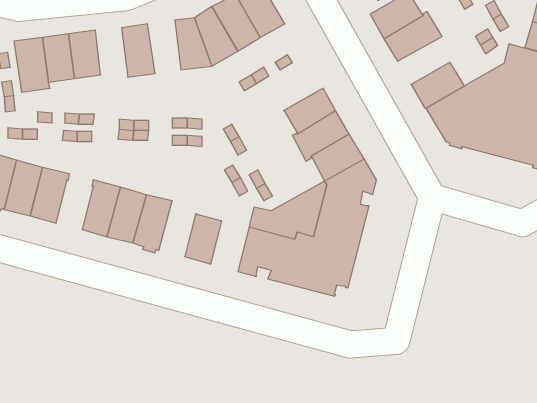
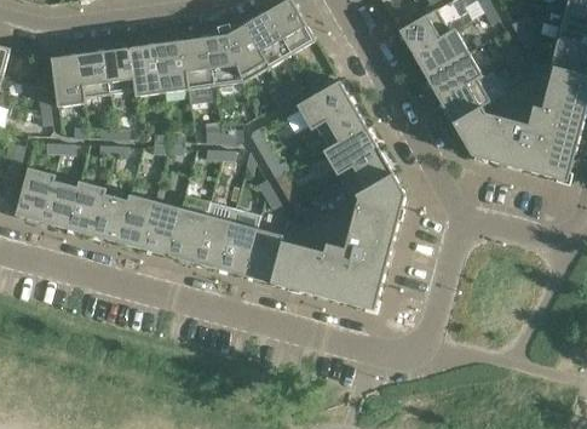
building: none -> [180,36,213,88]
building: none -> [130,44,161,96]
building: none -> [425,52,482,99]
building: none -> [295,79,352,128]
building: none -> [91,193,127,241]
building: none -> [191,213,231,268]
building: none -> [242,227,281,282]

